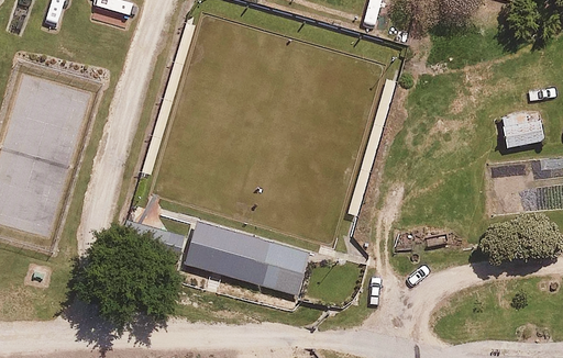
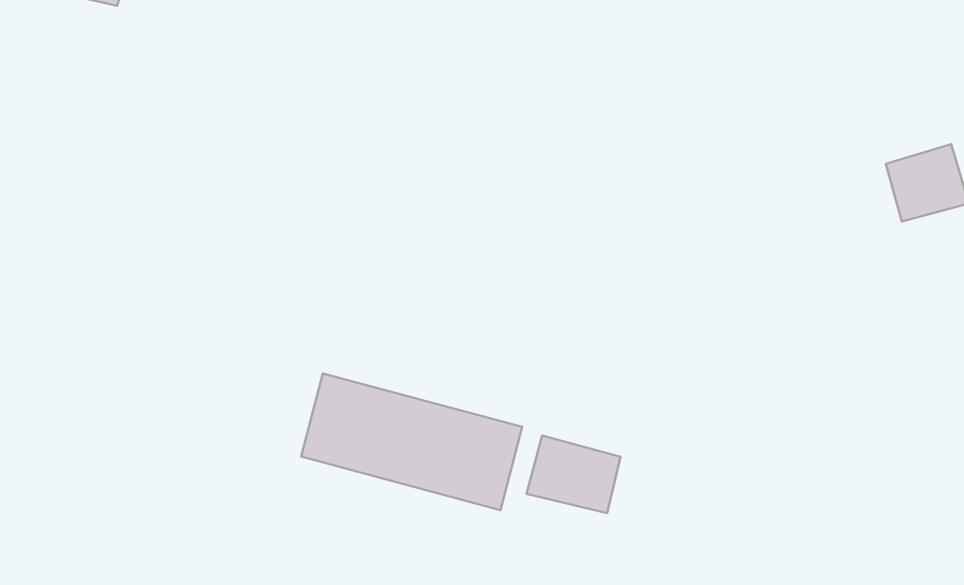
building: none -> [526,436,621,513]

